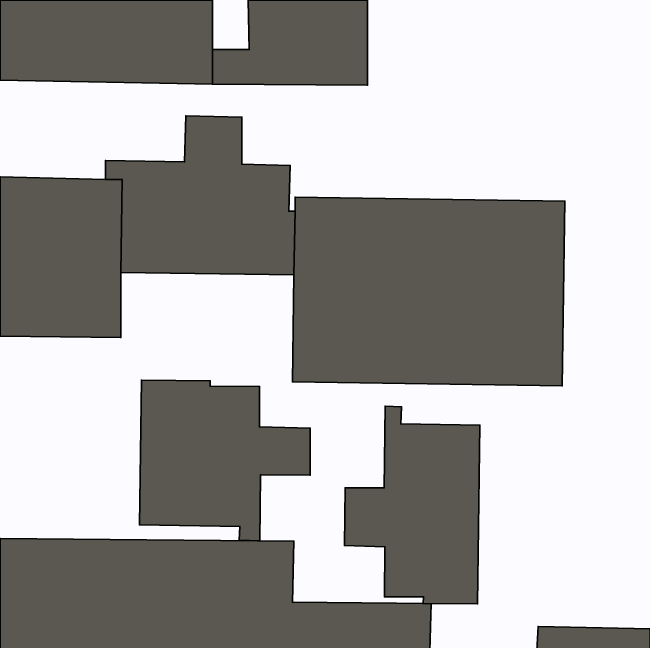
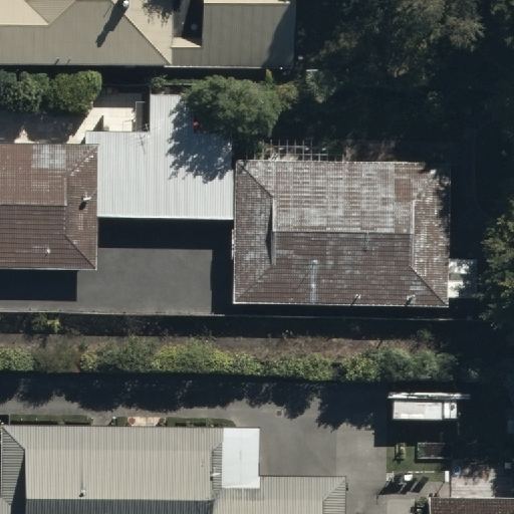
building: [139,380,310,541] -> none
building: [345,406,480,604] -> none

